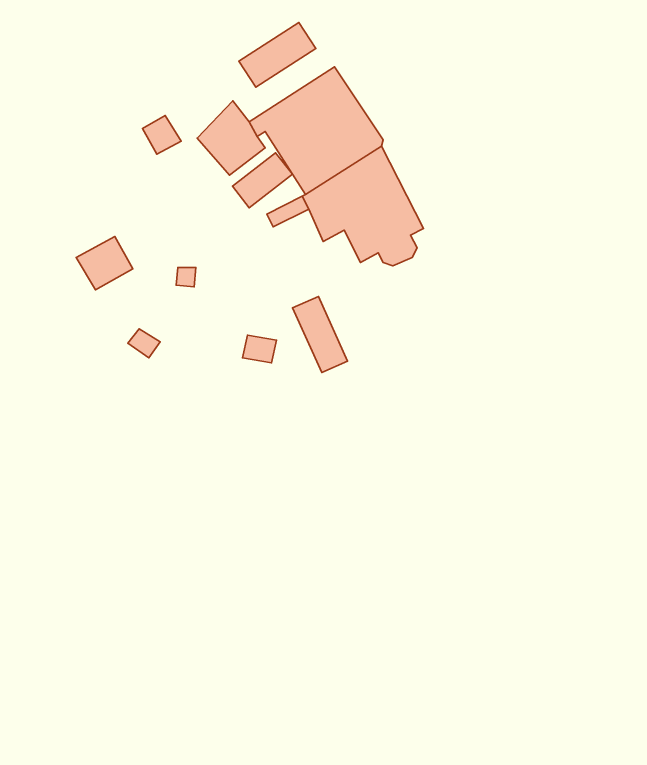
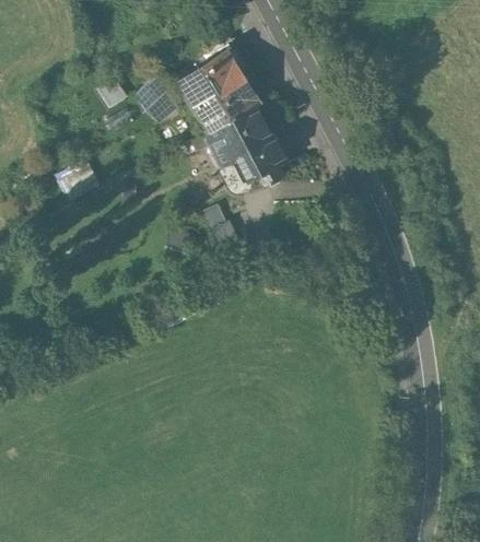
building: [239,22,316,87] -> none
building: [232,153,293,208] -> none

